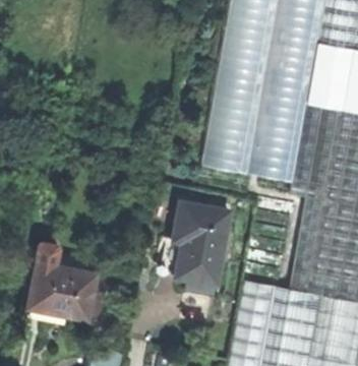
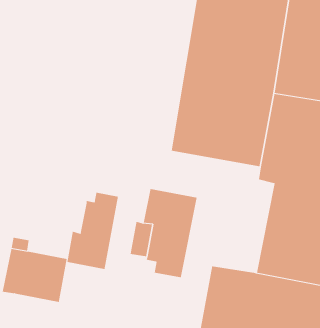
building: none -> [67,192,118,270]

